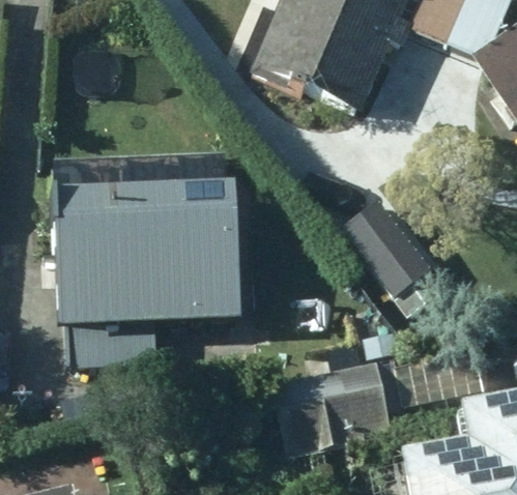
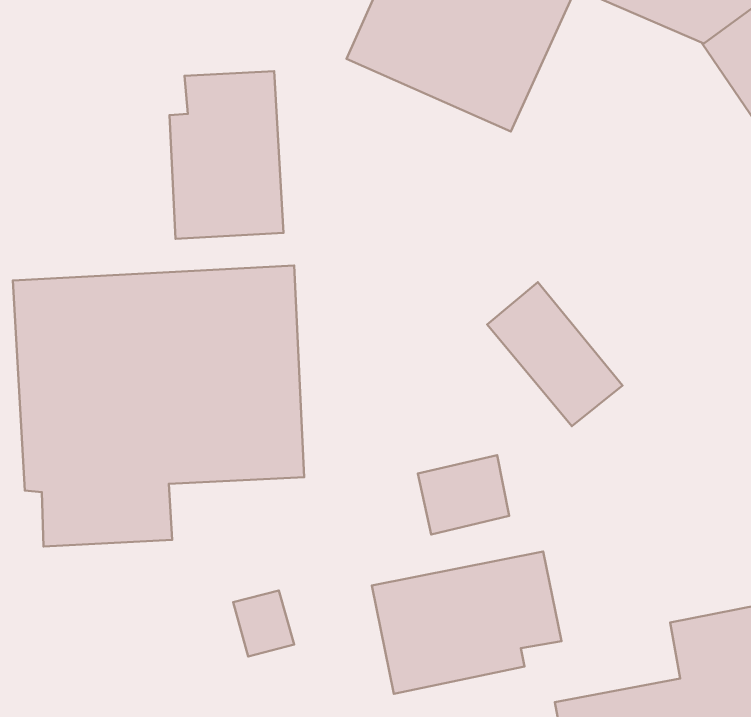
building: none -> [169,71,284,239]

